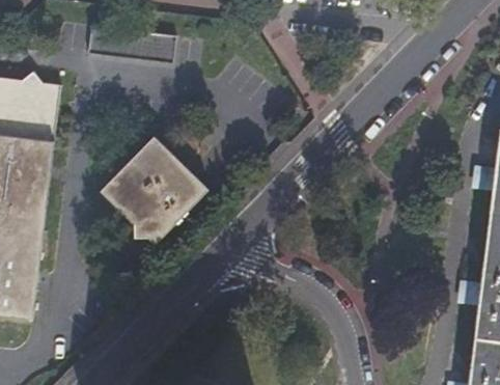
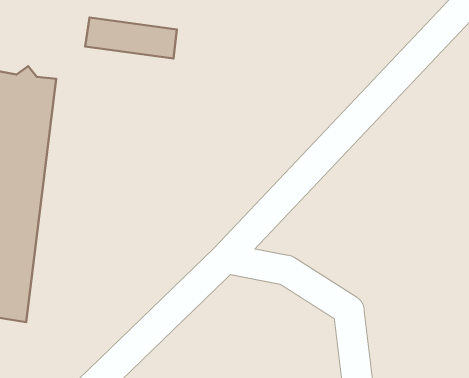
building: [101,135,209,243] -> none

